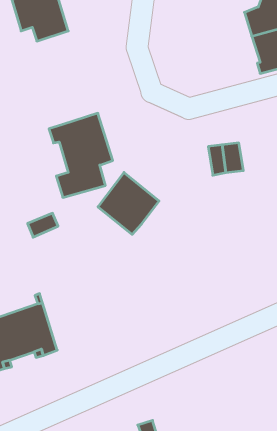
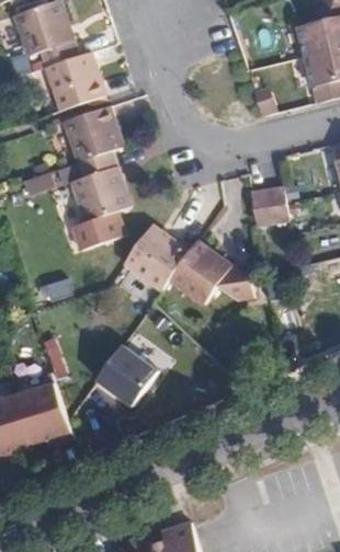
building: none -> [44,55,102,108]
building: none -> [60,107,122,166]
building: none -> [168,245,248,309]
building: none -> [94,343,157,405]

